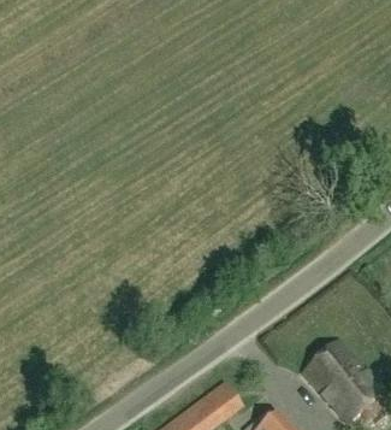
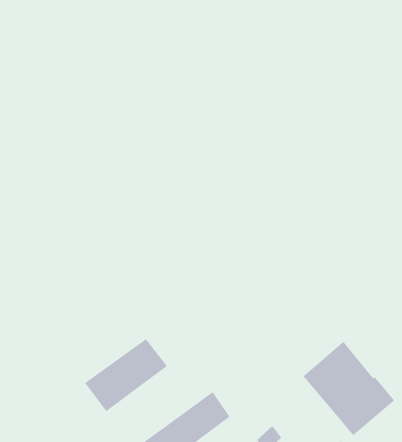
building: none -> [84,338,168,412]

